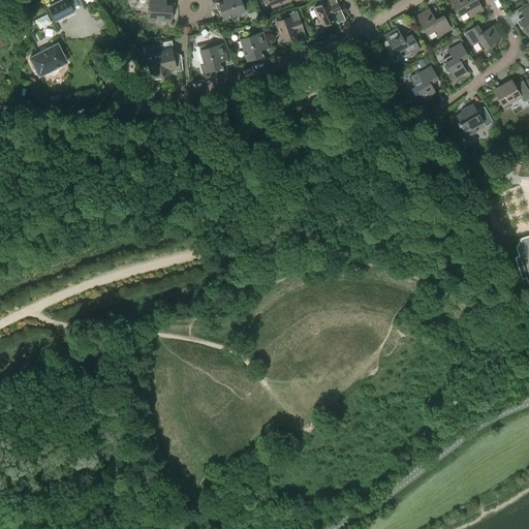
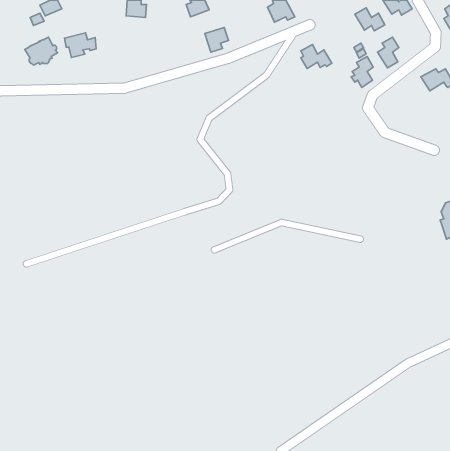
building: [276,10,307,40] -> none
building: [465,25,501,50] -> none
building: [384,28,421,56] -> [301,45,332,68]
building: [199,42,228,73] -> none
building: [147,50,184,79] -> [64,33,96,58]
building: [457,103,494,138] -> none

